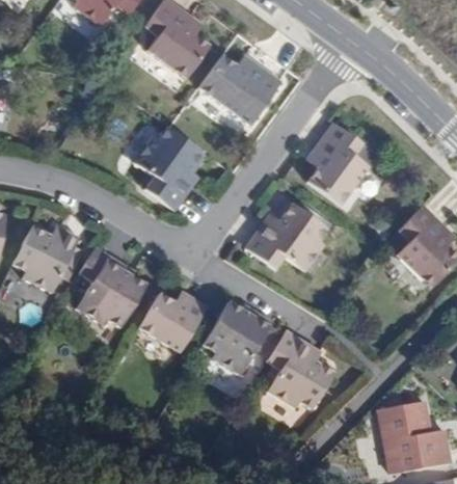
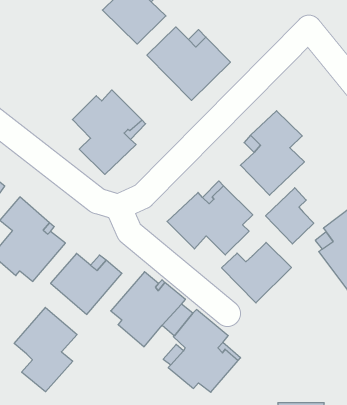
building: none -> [266,188,314,244]
building: none -> [222,242,291,303]
building: none -> [14,307,77,392]

